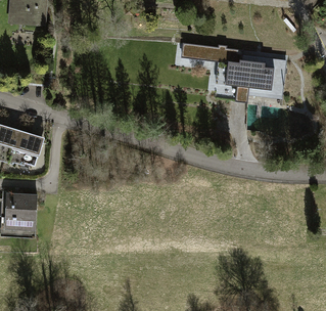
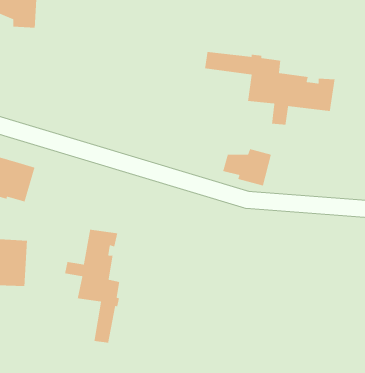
building: none -> [222,148,272,187]
building: none -> [64,229,120,344]

